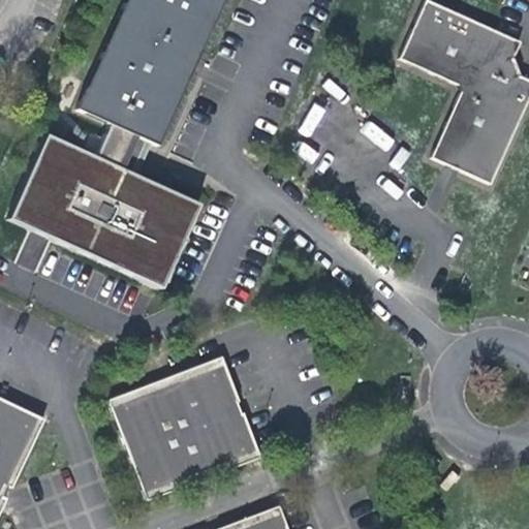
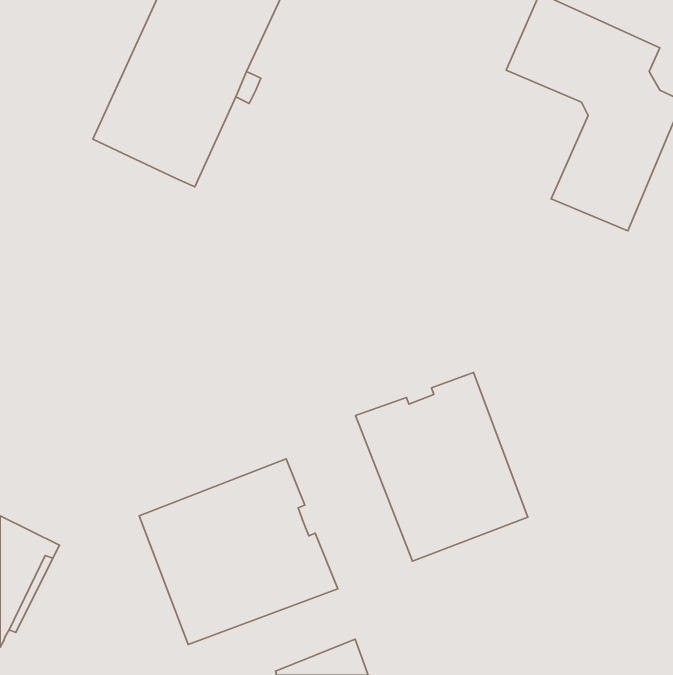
building: [12,124,196,288] -> none
building: none -> [356,373,528,561]

